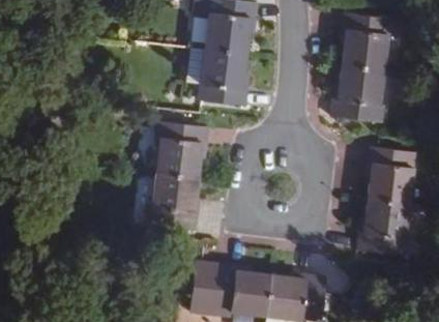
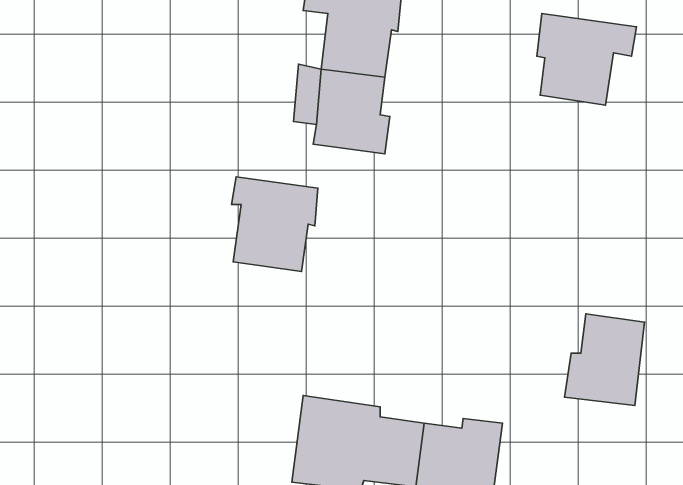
building: [330,66,385,126] -> none
building: [371,155,417,210] -> none
building: [138,172,194,230] -> none

